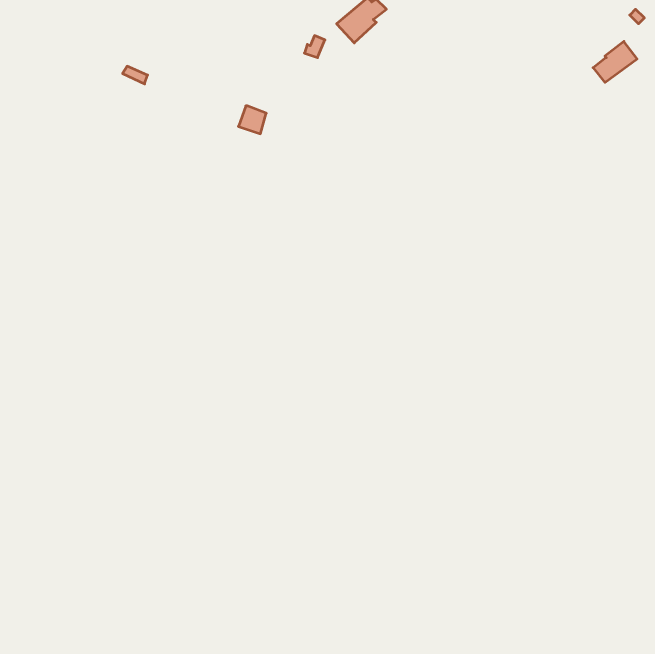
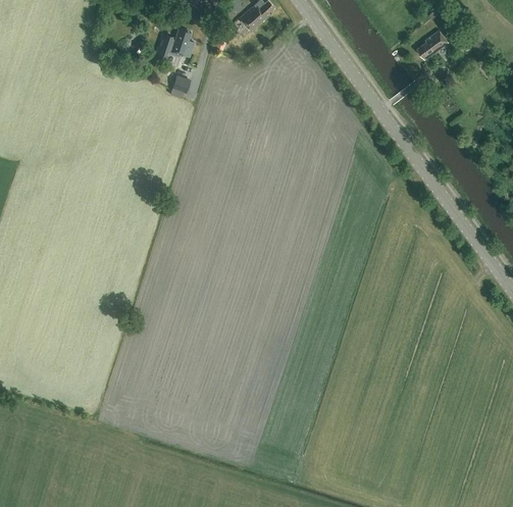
building: none -> [167,30,193,59]

